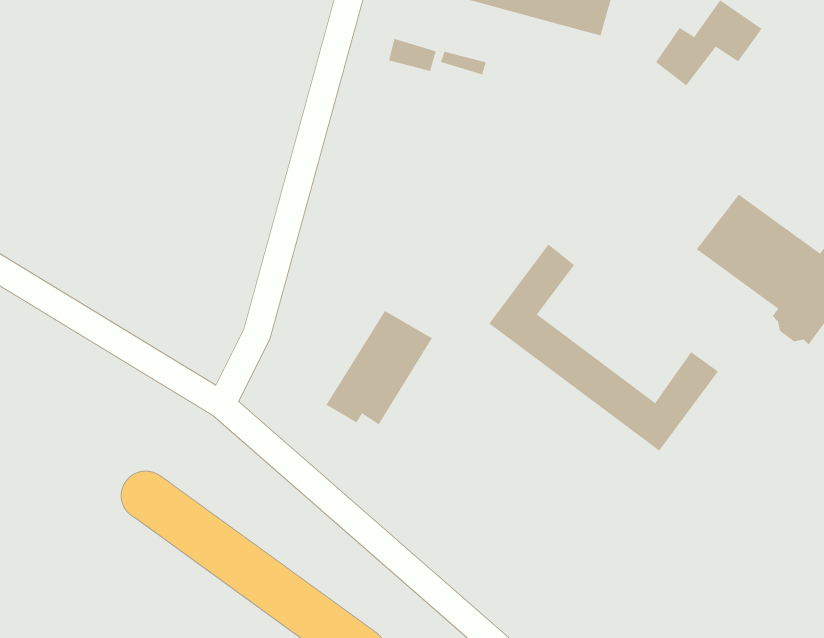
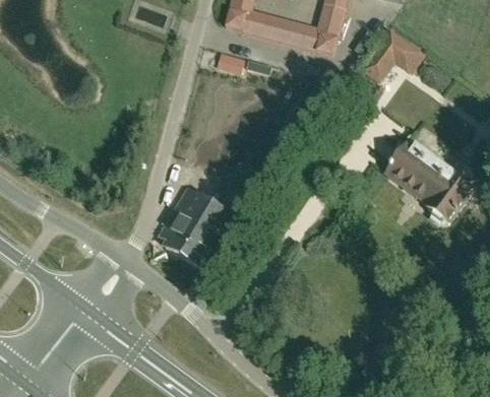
building: [488,243,719,452] -> none
building: none -> [157,187,213,256]

